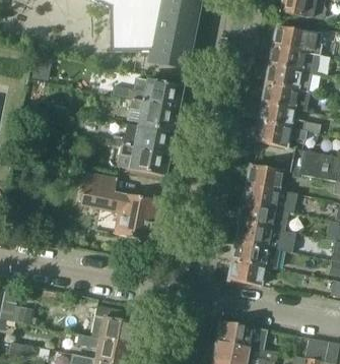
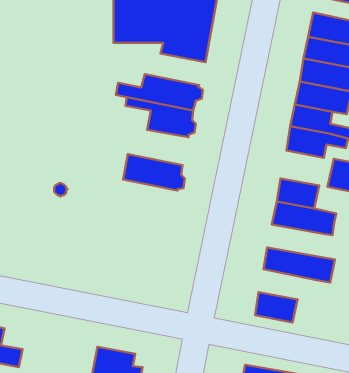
building: [112,121,176,154] -> none
building: [78,171,160,241] -> none
building: [239,203,287,231] -> none
building: [231,241,280,269] -> none

